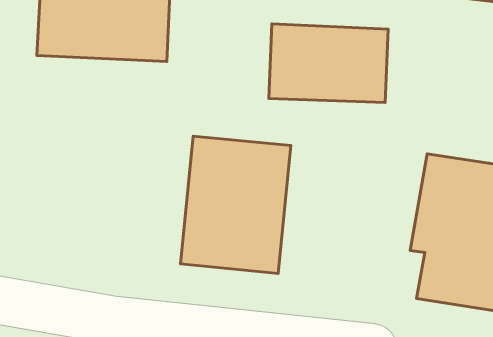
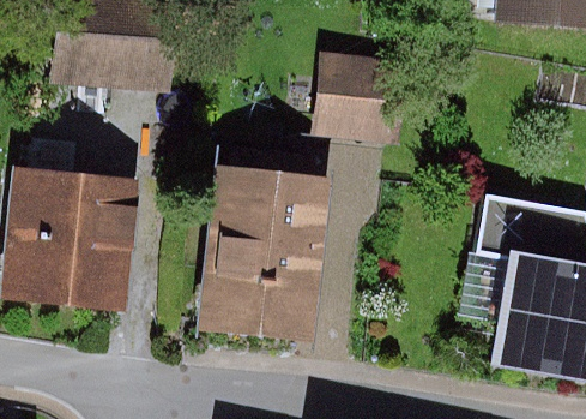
building: none -> [7,172,138,317]

